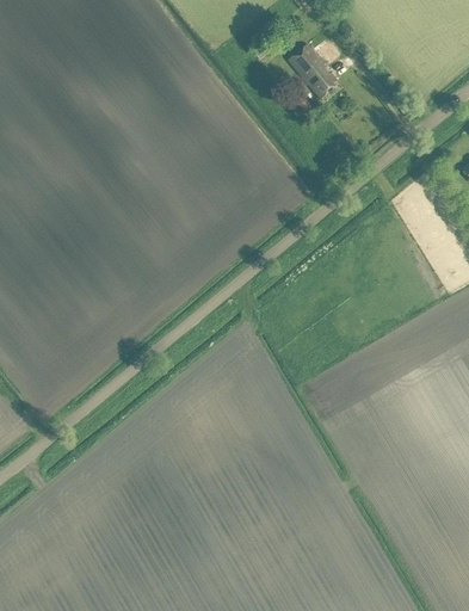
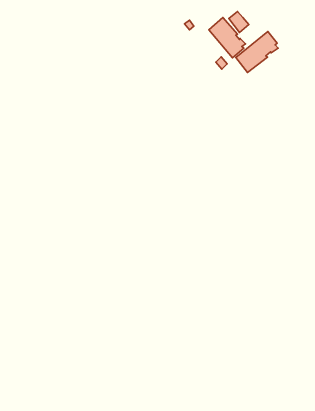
building: none -> [236,31,278,72]

